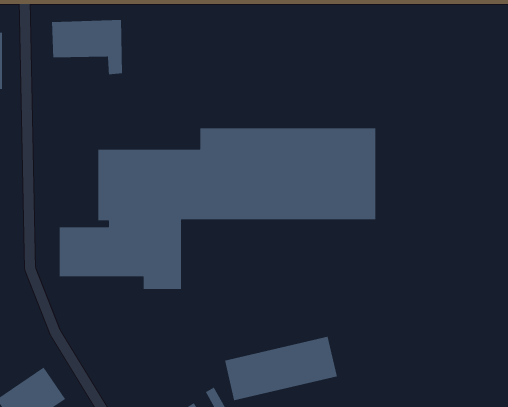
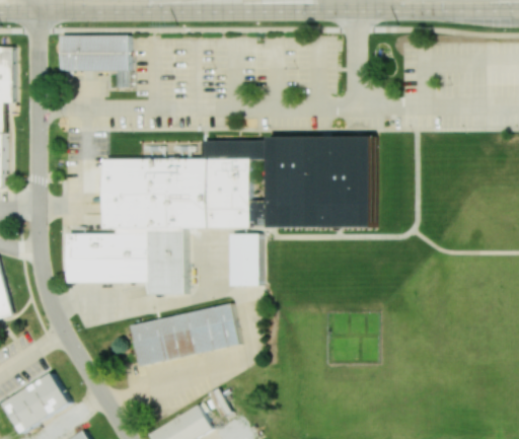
building: none -> [230,235,260,286]
building: [224,336,338,401] -> [130,301,239,364]

